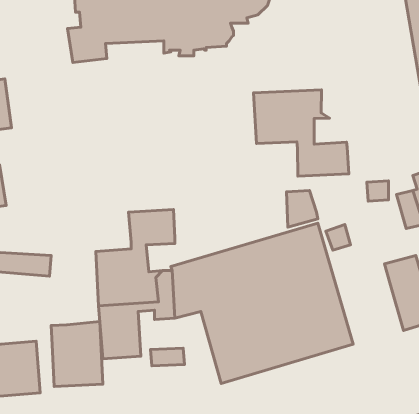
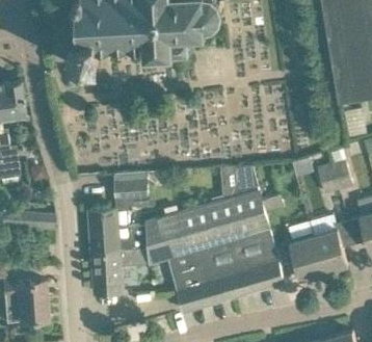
building: [253,90,349,176] -> none
building: none -> [289,236,323,280]
building: [51,321,103,387] -> none

